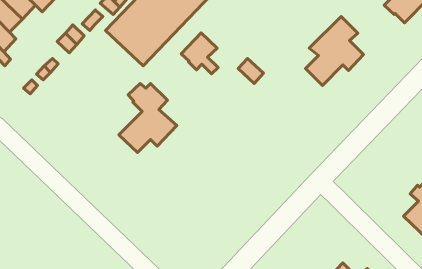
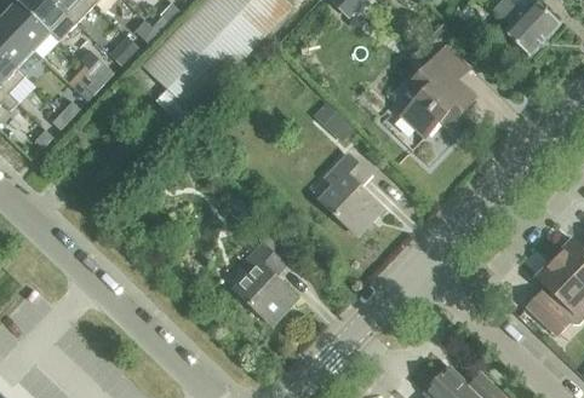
building: [181,33,218,74] -> none
building: [119,84,177,153] -> [221,242,296,331]
building: none -> [322,154,380,233]

